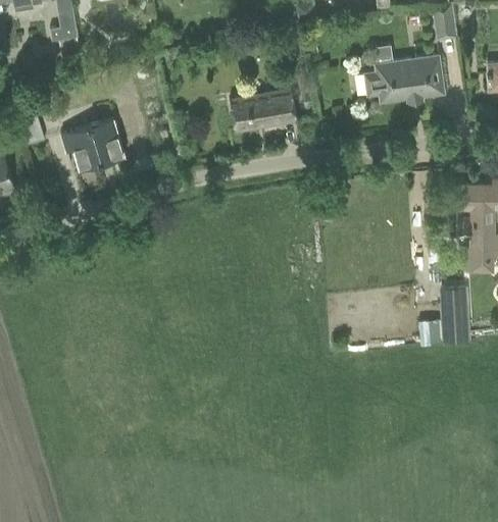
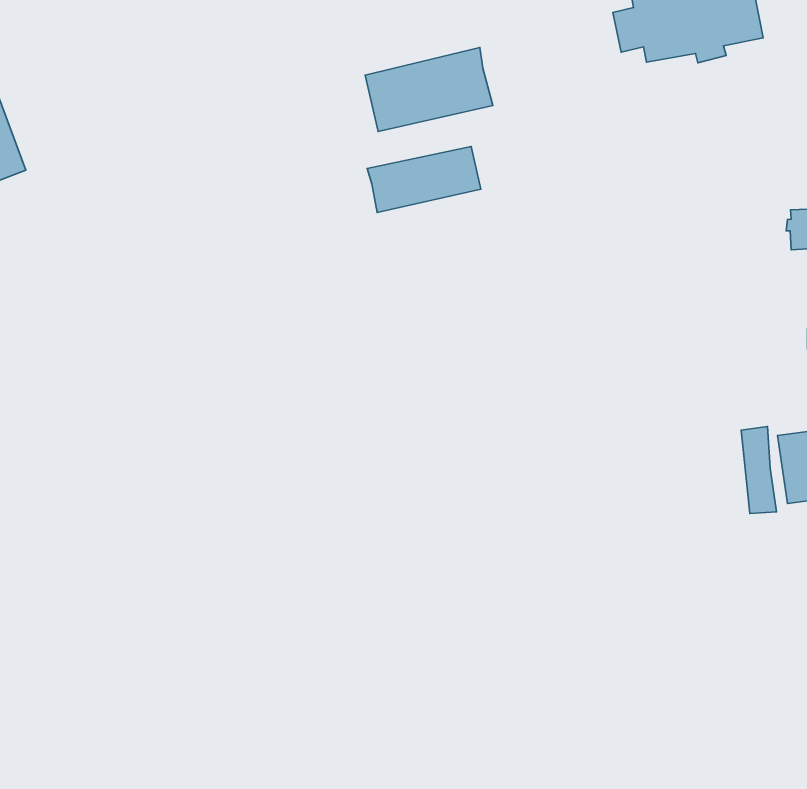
building: [61,120,124,171] -> none
building: none -> [367,146,481,213]

